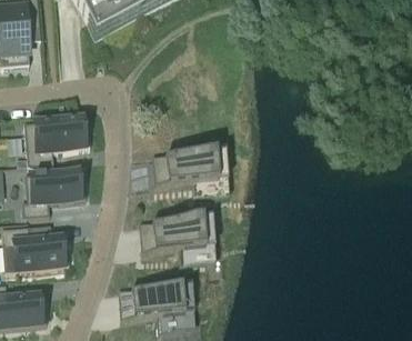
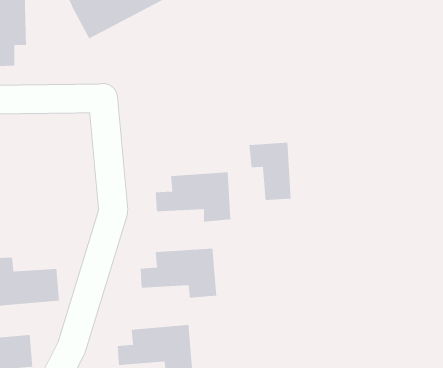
building: [24,117,91,163] -> none
building: none -> [248,142,292,201]
building: [22,168,87,215] -> none

